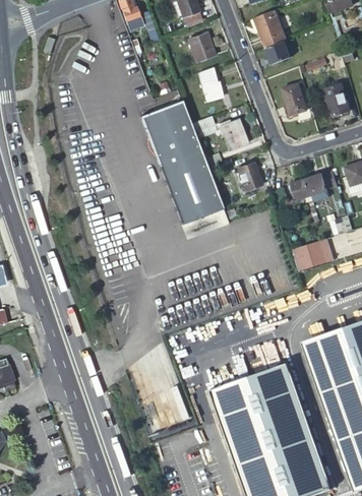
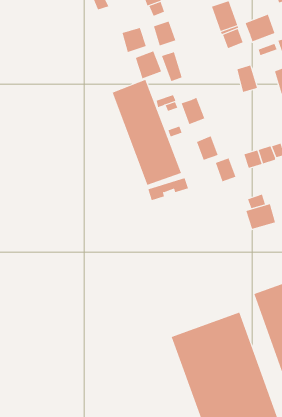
building: none -> [245,14,275,42]
building: none -> [122,27,147,53]
building: none -> [135,51,162,79]
building: none -> [215,157,236,182]

